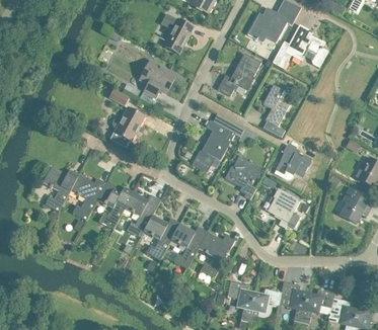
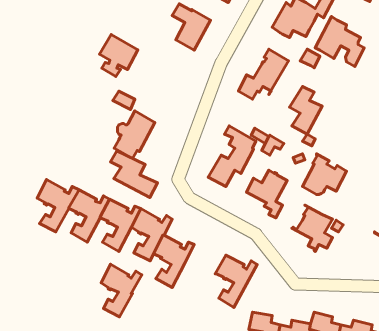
building: [140,62,173,98] -> [99,35,138,76]
building: none -> [110,151,158,198]
building: [170,223,206,268] -> [101,264,142,317]

